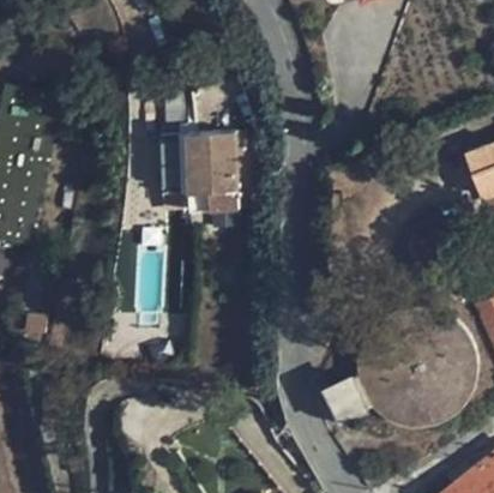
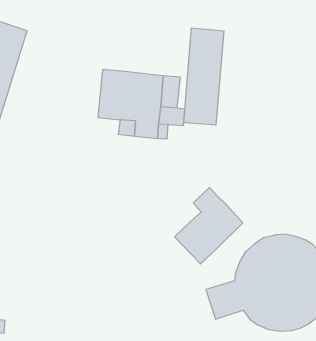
building: none -> [184,28,224,125]
building: none -> [175,187,243,264]

